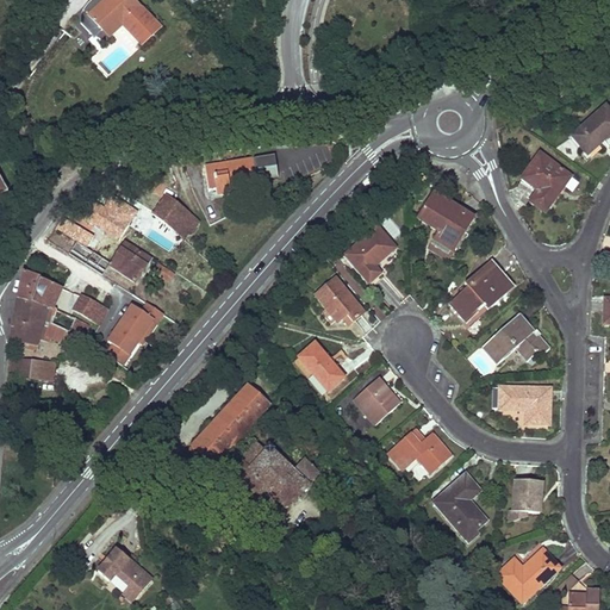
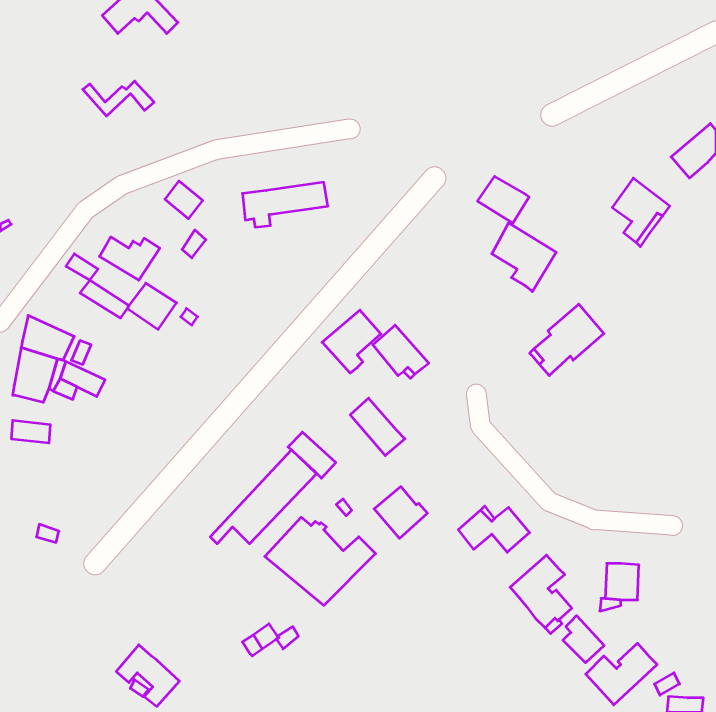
building: [81,11,142,41] -> [83,81,154,116]
building: none -> [478,176,529,223]
building: [163,204,195,236] -> [165,181,203,219]
building: [346,224,396,278] -> [322,310,381,373]
building: [74,292,107,322] -> none
building: [105,299,163,365] -> none
building: [483,311,549,360] -> none
building: none -> [288,432,336,478]
building: [354,378,399,422] -> [374,487,427,538]
building: [500,385,550,421] -> none
building: none -> [563,616,604,663]

